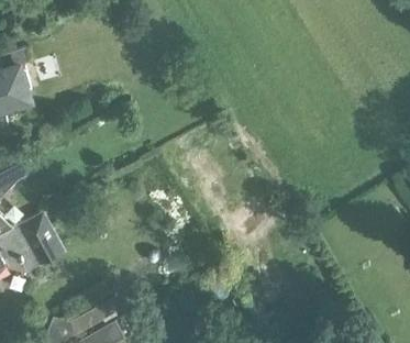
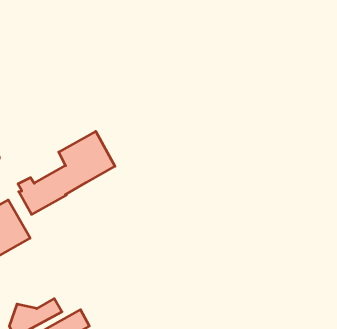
building: none -> [18,131,115,214]

